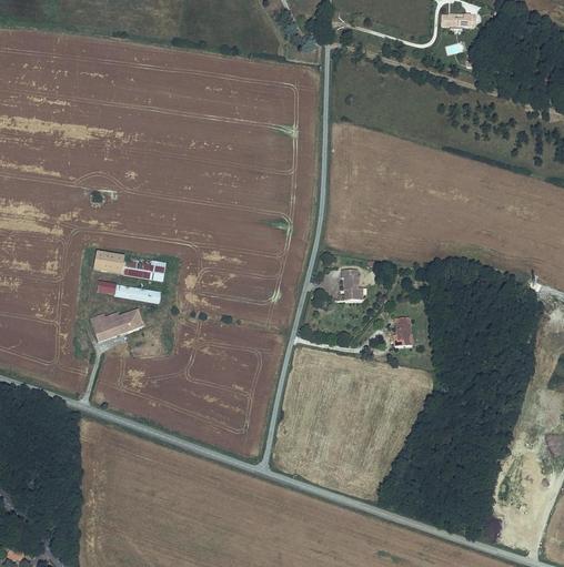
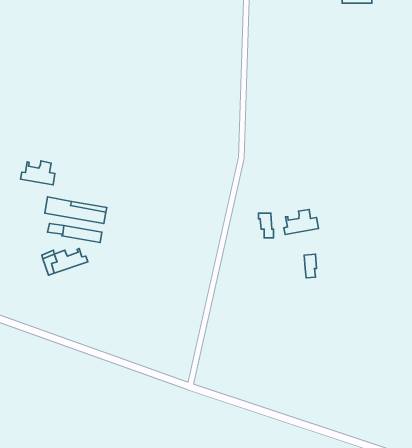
building: none -> [21,161,55,185]
building: none -> [284,210,319,234]

